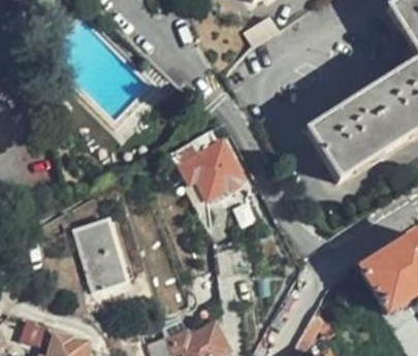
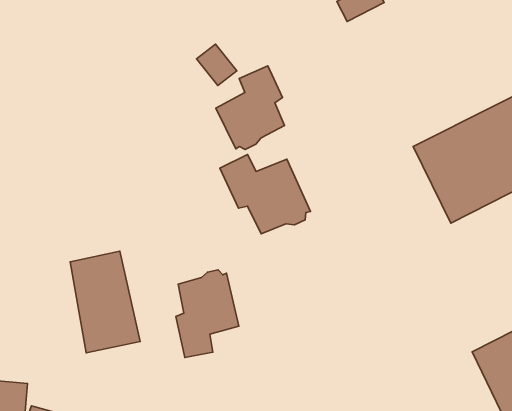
building: none -> [216,66,285,149]
building: none -> [176,270,239,357]

